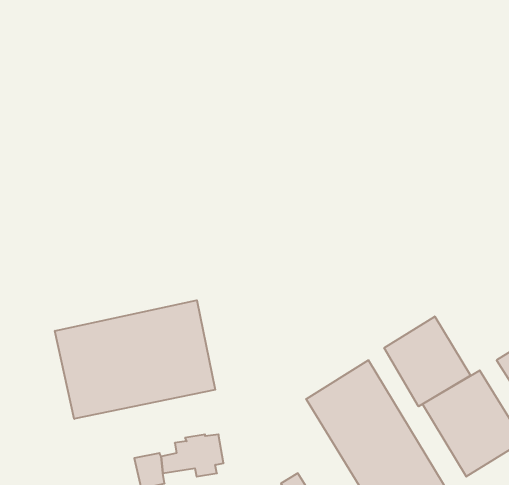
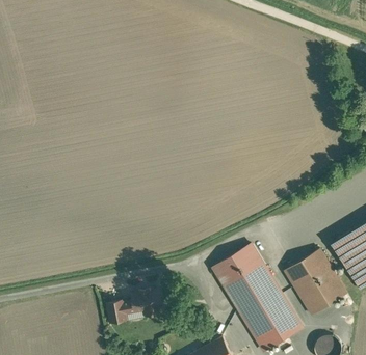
building: [55,300,215,419] -> none
building: [384,316,470,406] -> none

